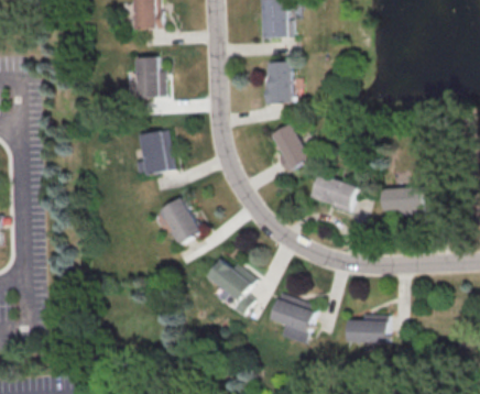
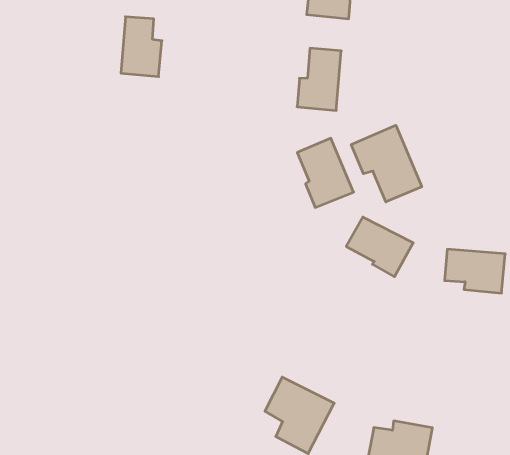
building: none -> [351,125,422,202]
building: [134,129,174,173] -> none
building: [161,197,201,245] -> none
building: [208,260,257,315] -> none

